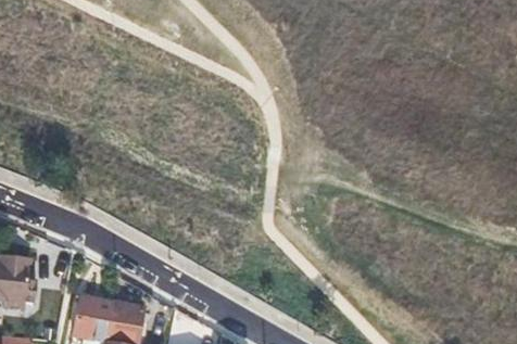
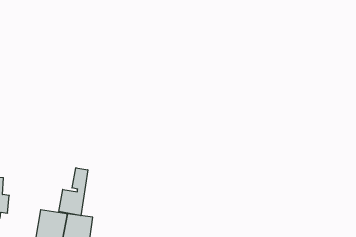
building: none -> [59,168,88,216]

